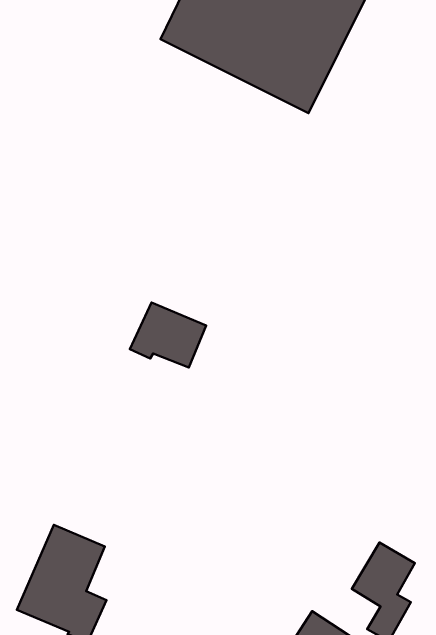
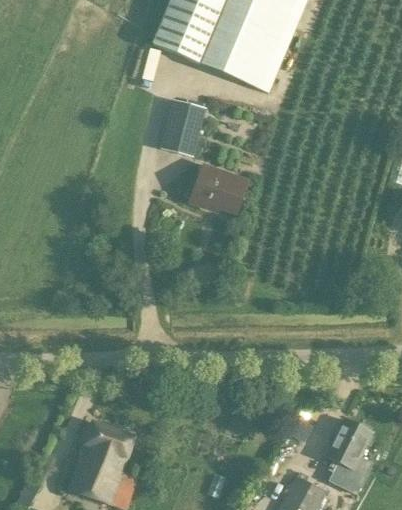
building: none -> [160,99,206,156]
building: [130,302,206,368] -> [190,165,247,213]

